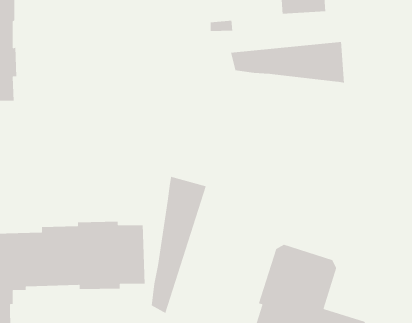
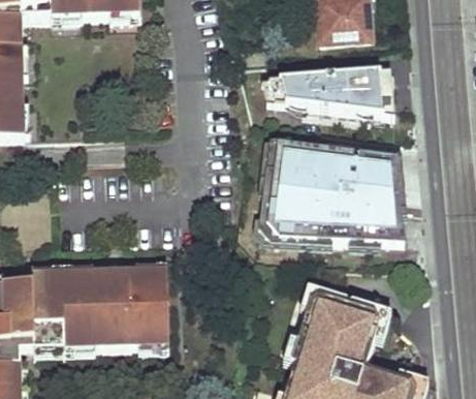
building: none -> [258,141,403,240]
building: [151,176,207,314] -> none

